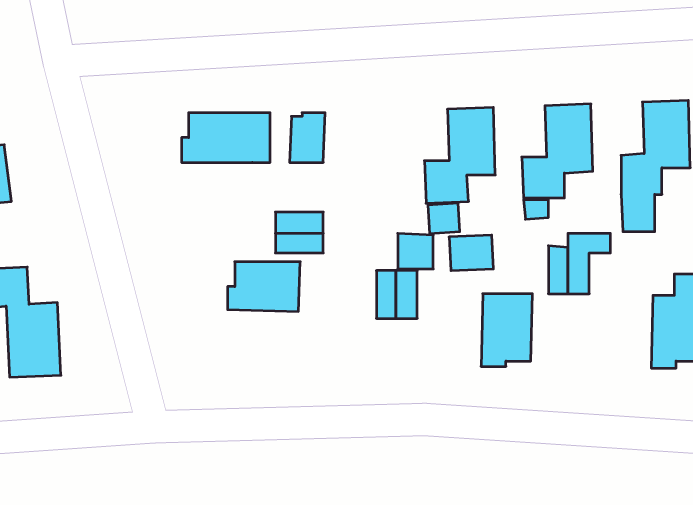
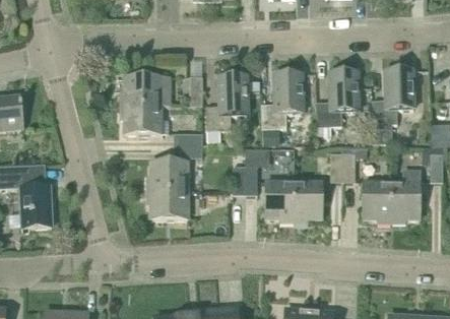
building: none -> [205,74,246,140]
building: none -> [121,104,162,132]
building: none -> [265,179,294,220]
building: none -> [364,180,391,221]
building: none -> [147,188,188,216]

